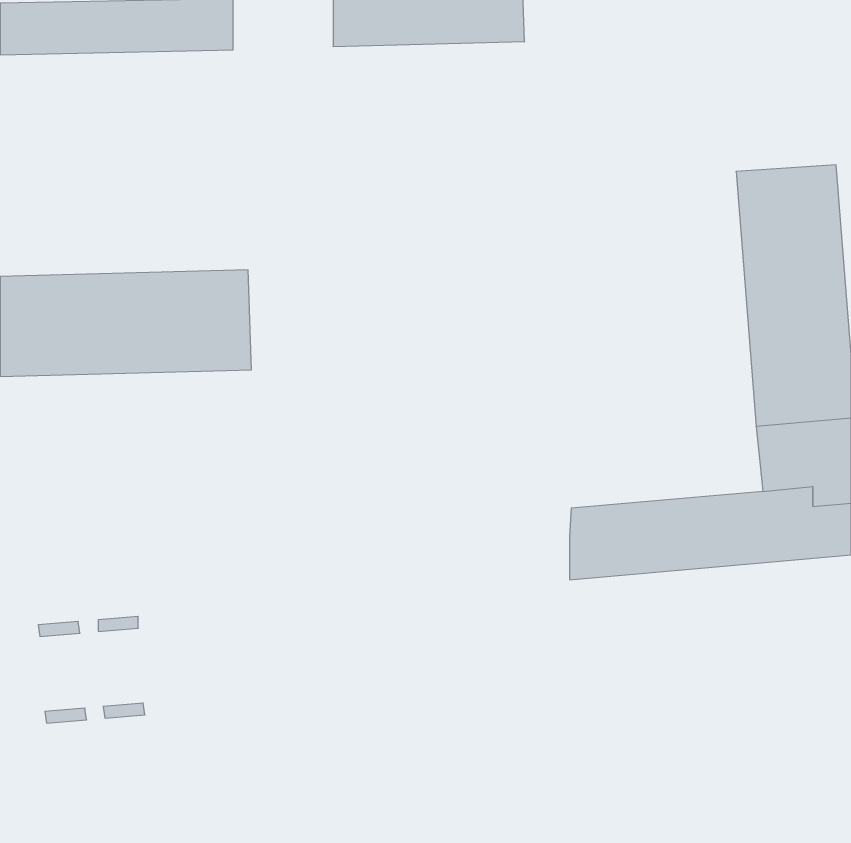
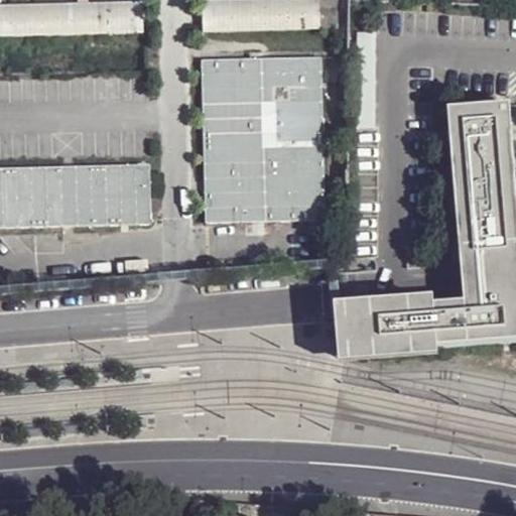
building: none -> [204,54,322,219]

